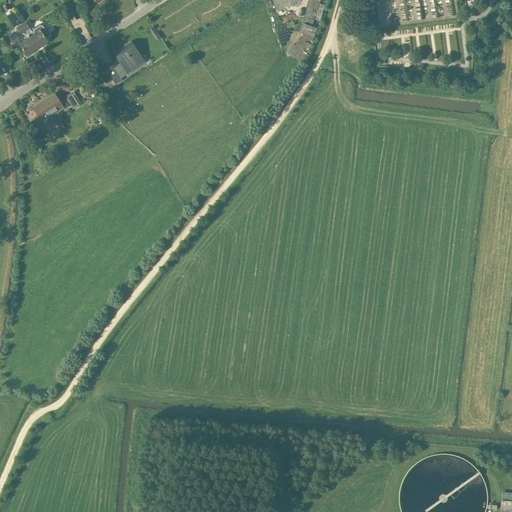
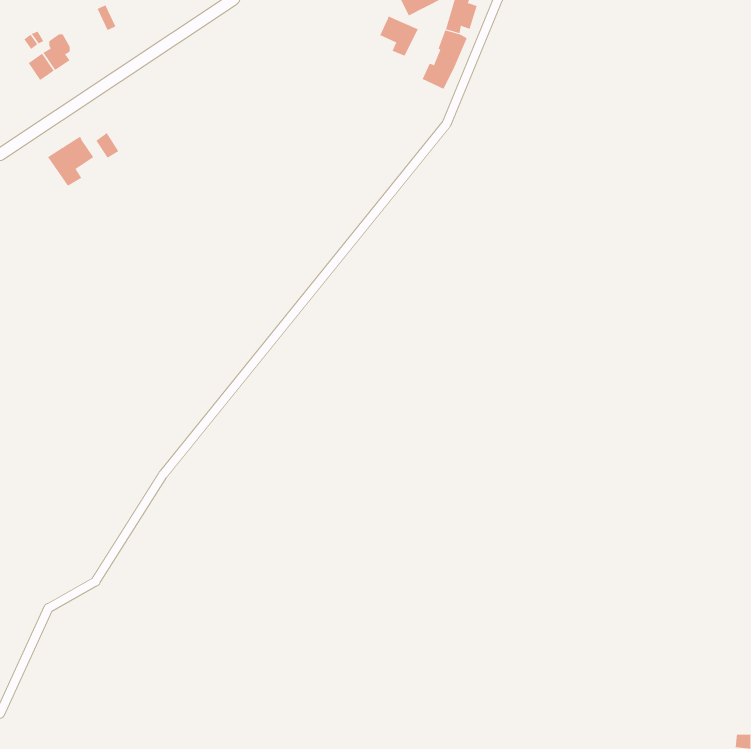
building: none -> [380,15,418,56]
building: [106,41,144,84] -> none

